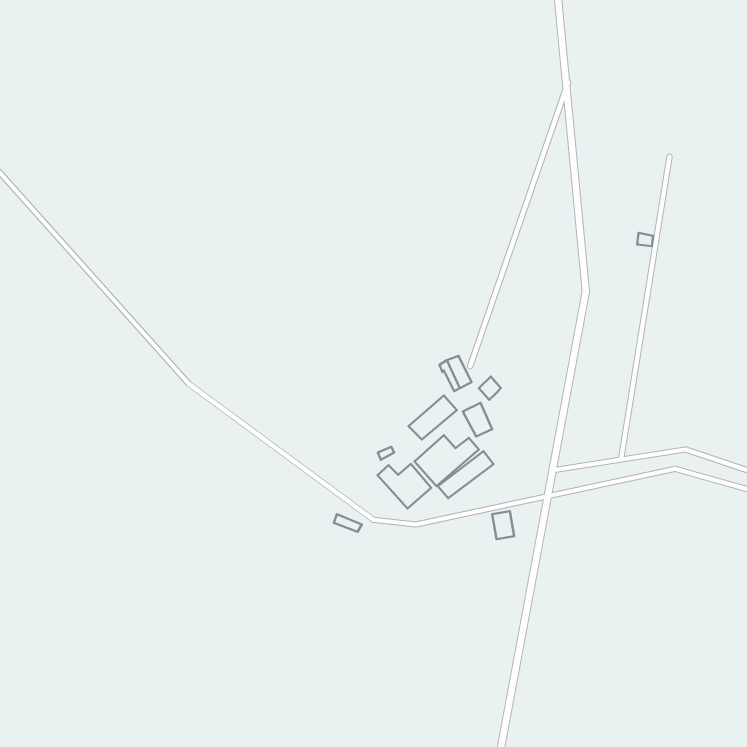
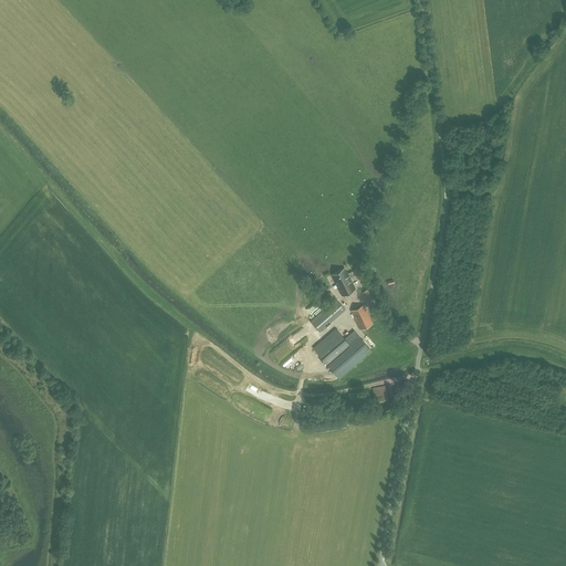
building: [378,464,431,509] -> none

